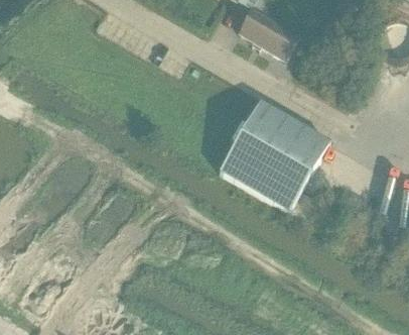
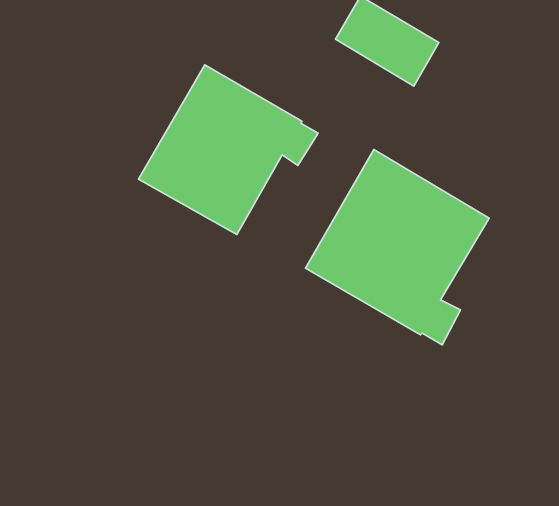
building: none -> [138,65,318,235]

